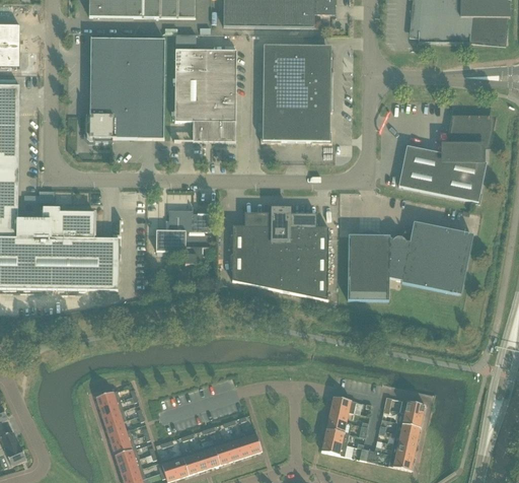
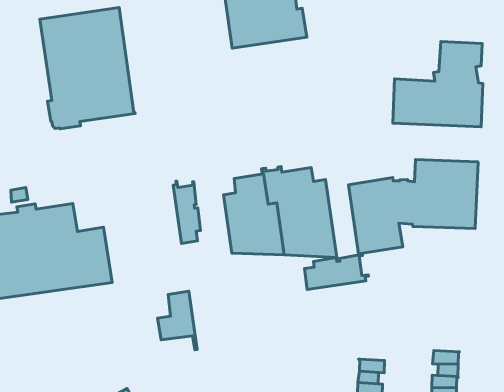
building: [174,49,236,141] -> none
building: [261,92,332,142] -> none
building: [156,209,189,264] -> [158,291,197,350]
building: none -> [304,254,368,289]

